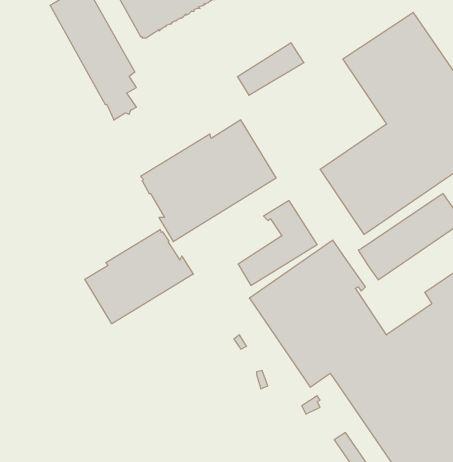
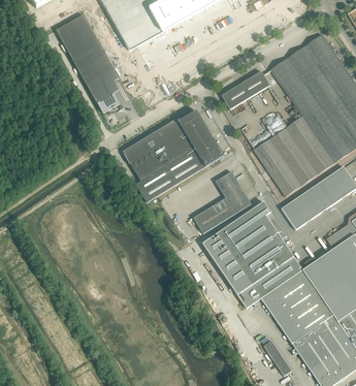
building: [237,43,304,95] -> [222,70,270,108]
building: [85,229,193,324] -> none

